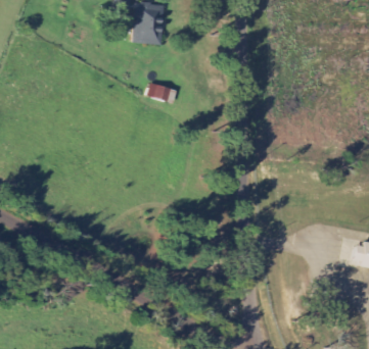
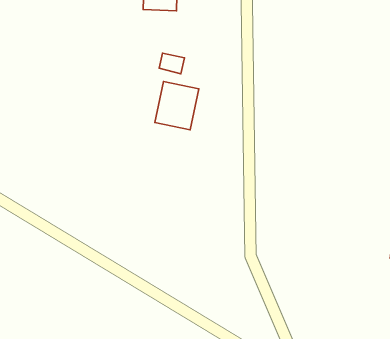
building: none -> [155,82,199,130]

